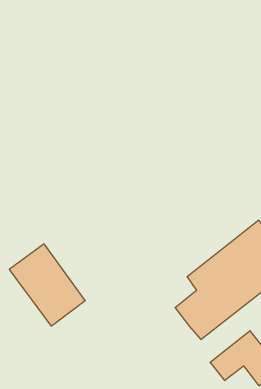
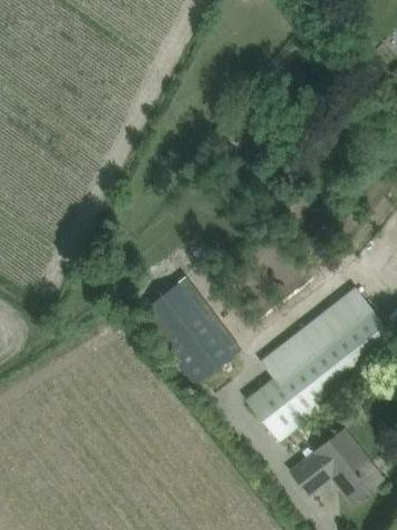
building: [9,244,85,326] -> [140,277,238,384]

